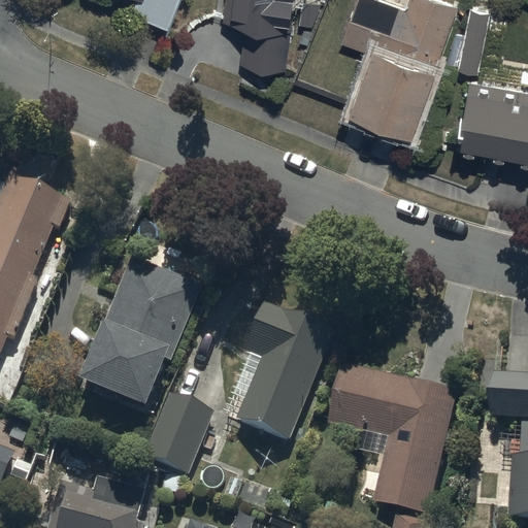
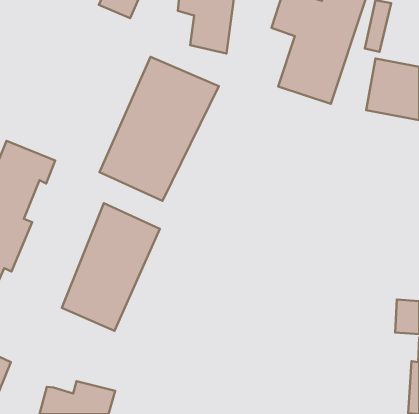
building: none -> [99,57,219,201]
building: [235,305,331,441] -> none
building: [333,364,459,512] -> none
building: [143,394,212,473] -> none

